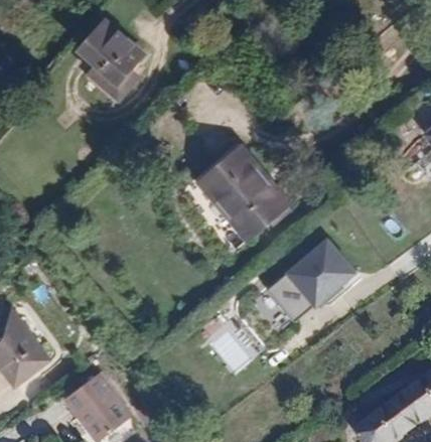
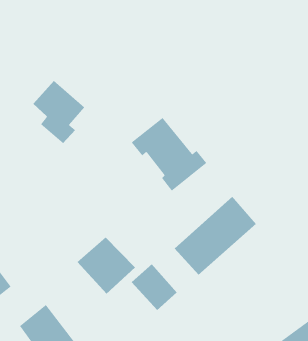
building: [83,29,145,105] -> [33,80,85,144]
building: none -> [77,237,136,295]

